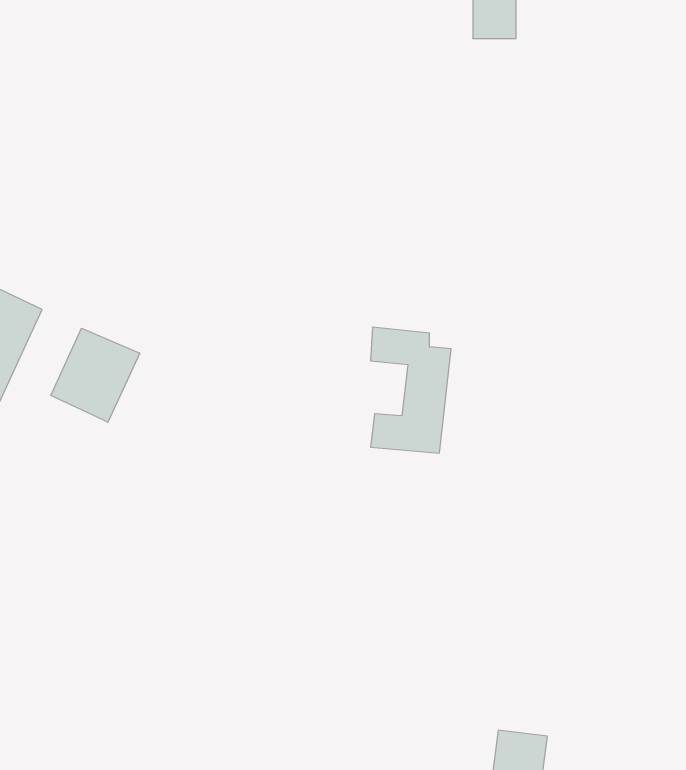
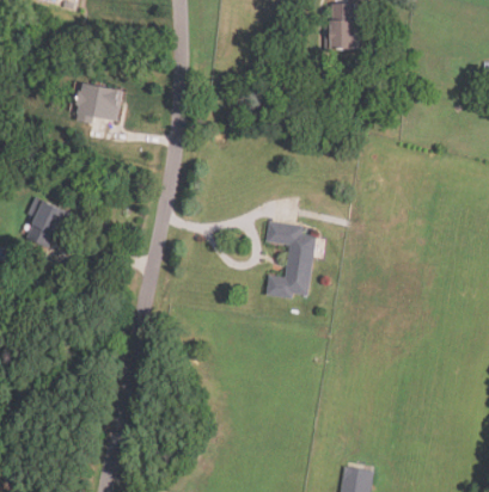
building: none -> [78,85,124,122]
building: [51,328,140,422] -> none

